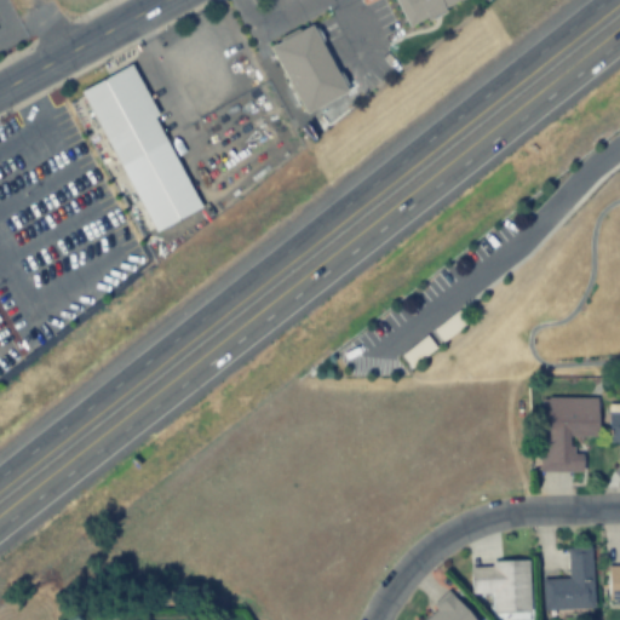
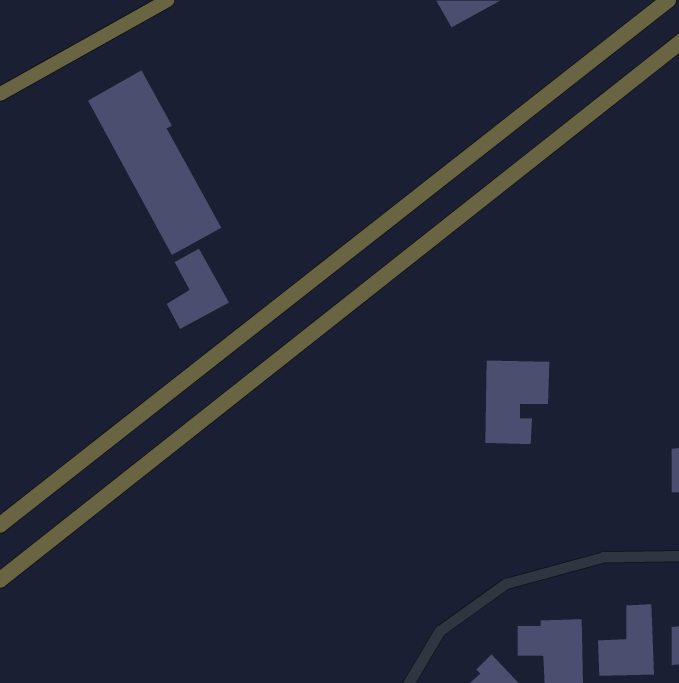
building: [274,25,351,114] -> none
building: none -> [166,248,230,330]
building: [542,397,602,473] -> [485,360,550,445]

